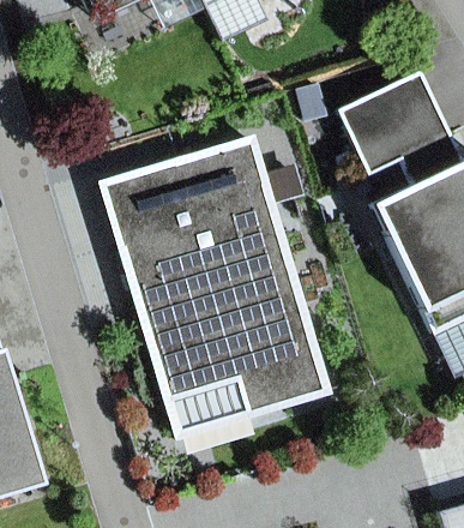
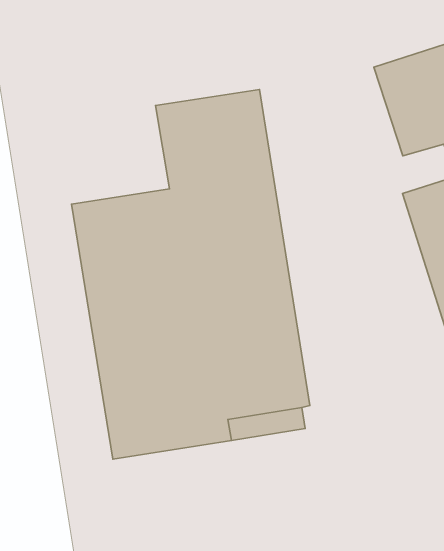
building: [102,162,193,246] -> none

